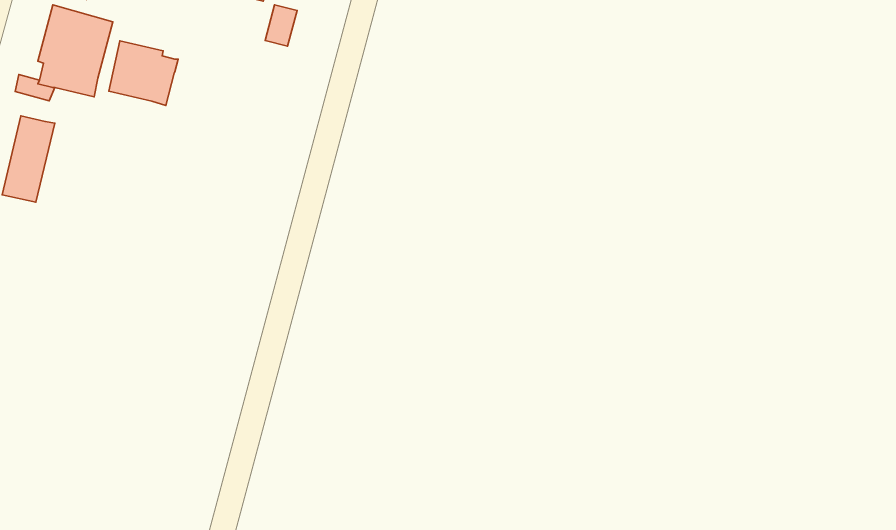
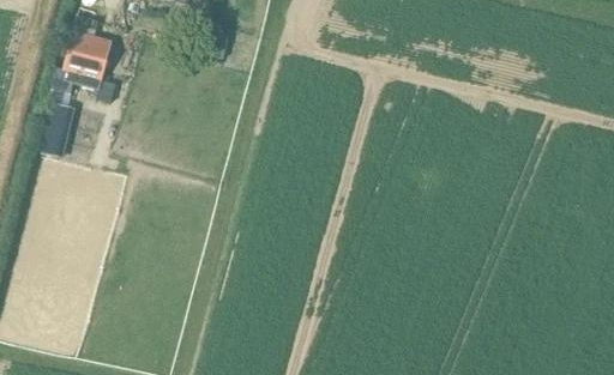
building: [109,41,178,106] -> none

